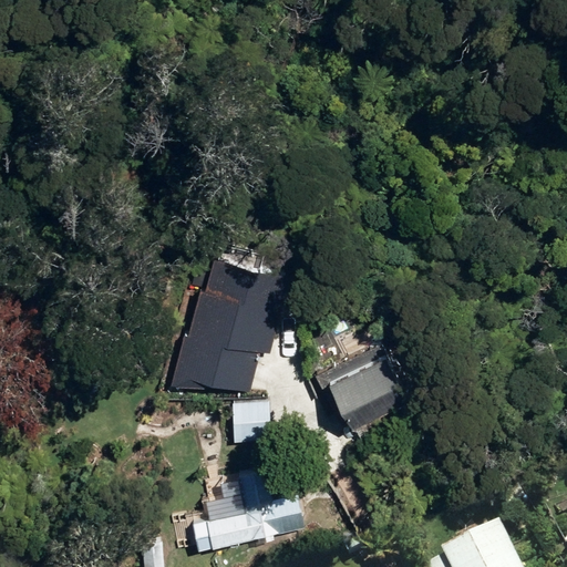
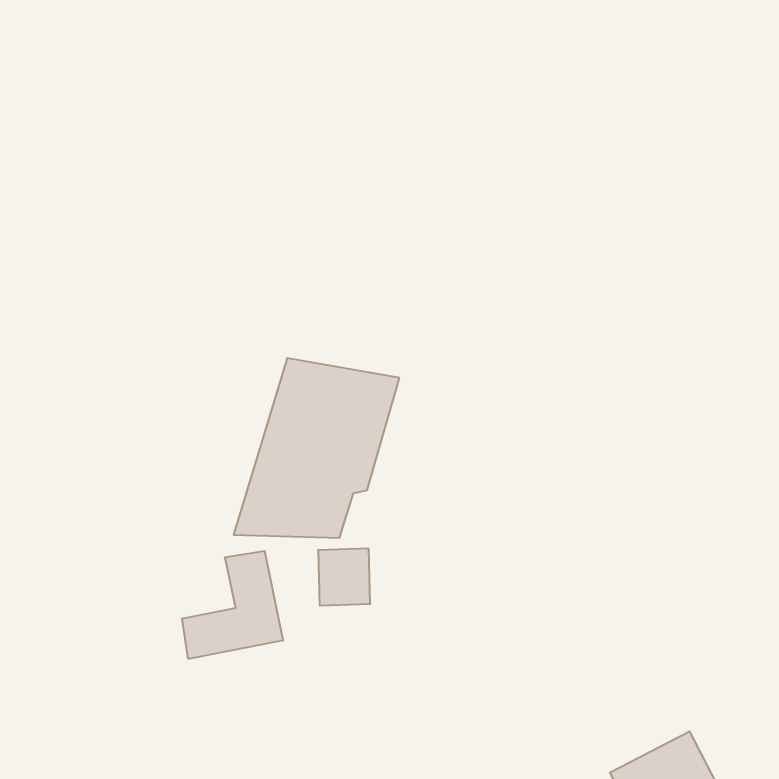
building: [327,348,408,423] -> none
building: [204,468,277,546] -> [182,551,283,659]

